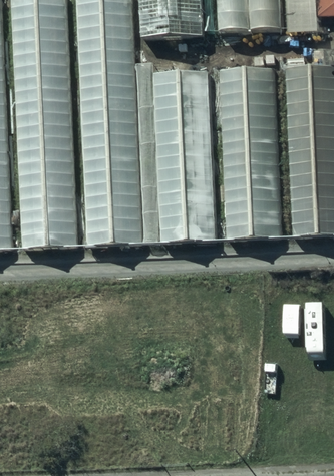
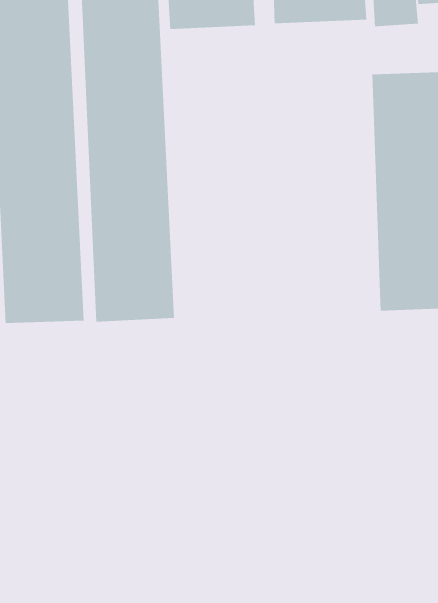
building: [219,67,281,237] -> none
building: [151,72,214,244] -> none

